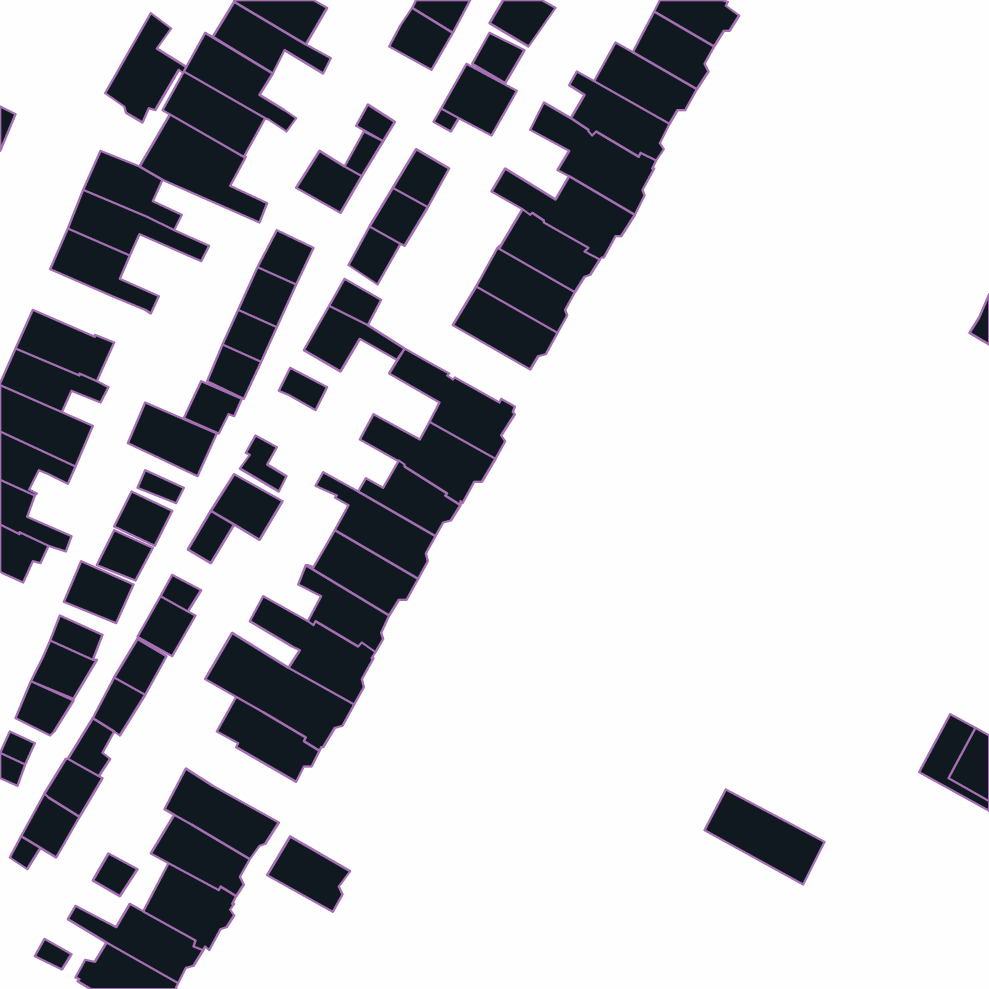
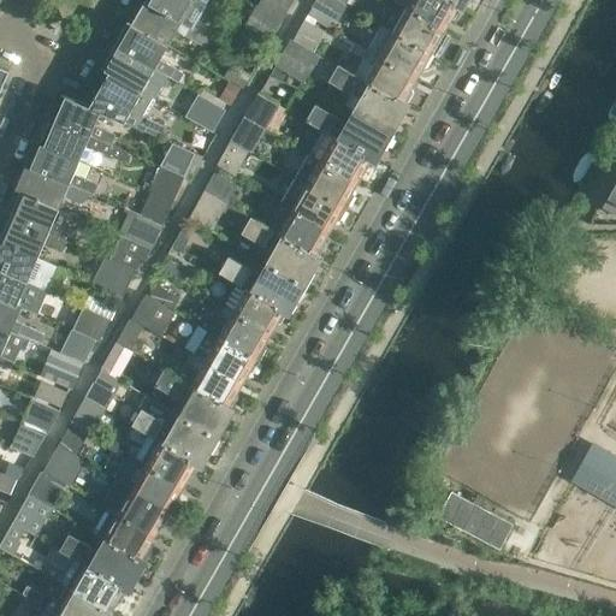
building: [105,13,186,123] -> none
building: none -> [20,167,90,209]
building: none -> [268,202,330,253]
building: [267,836,350,912] -> [132,464,184,511]

